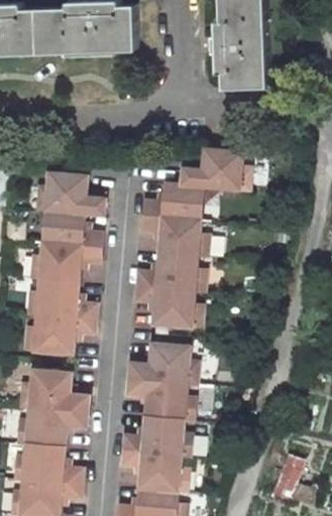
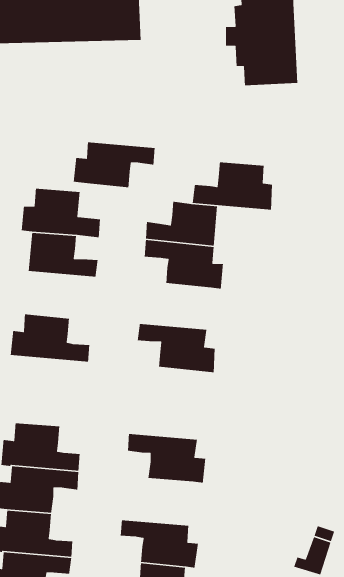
building: [31,244,101,283] -> [73,141,155,188]
building: [137,254,206,294] -> none
building: [25,315,95,355] -> none
building: [128,345,197,386] -> none
building: [122,418,191,459] -> none

